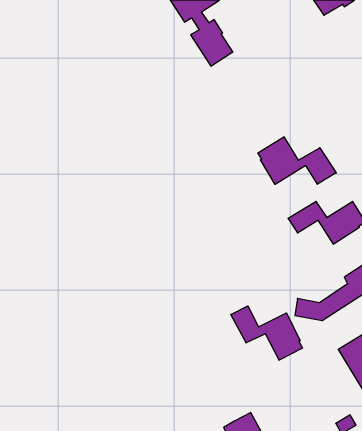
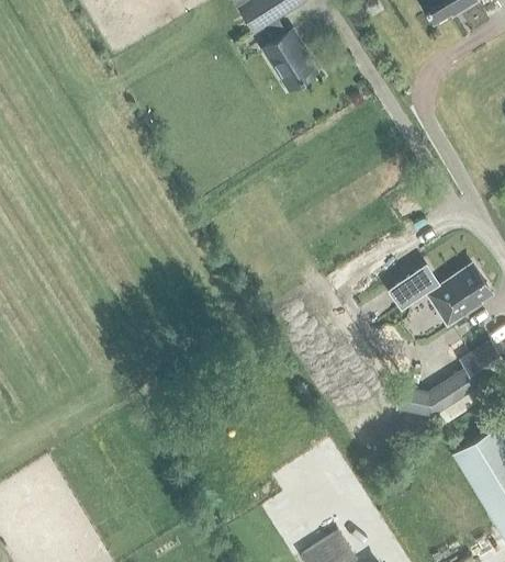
building: [258,137,336,184] -> none
building: [231,306,303,360] -> none

